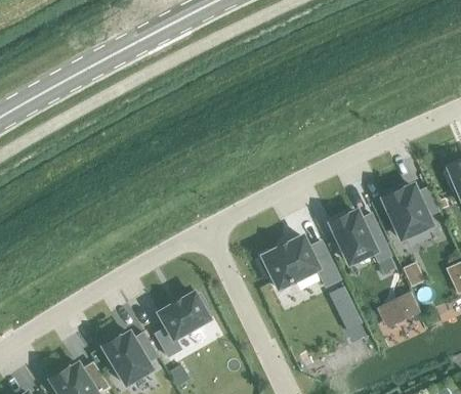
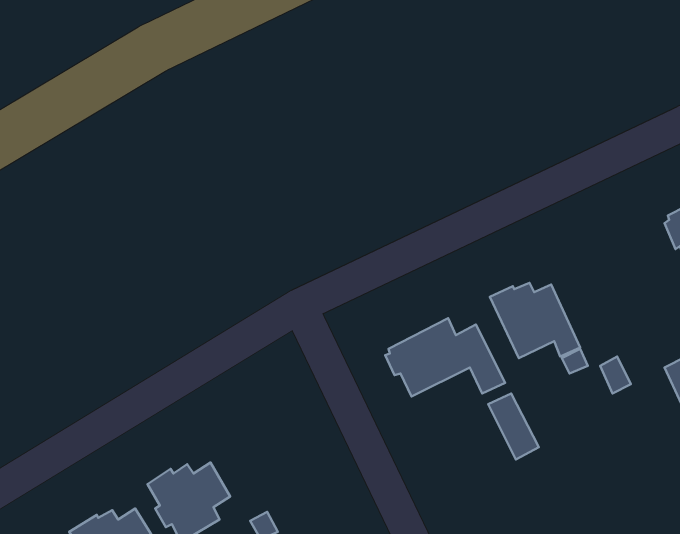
building: [382,186,438,238] -> none
building: [377,292,419,327] -> none
building: [155,293,209,356] -> none

